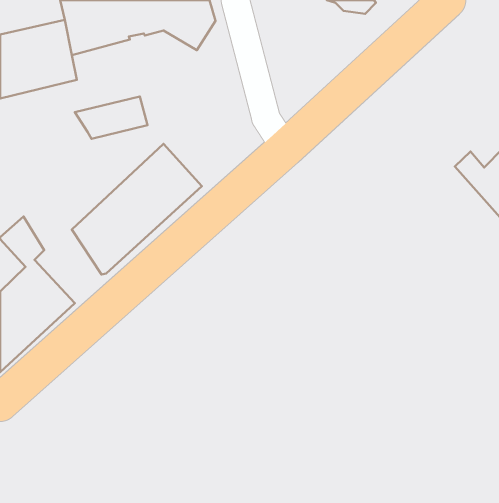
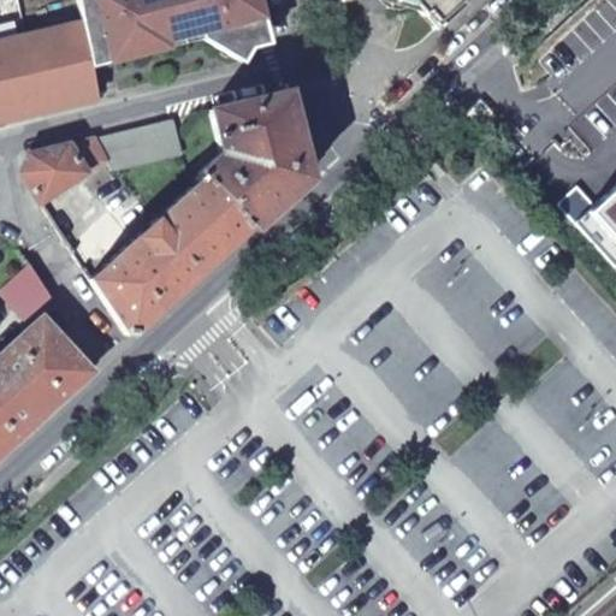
building: none -> [202,91,303,227]
building: none -> [28,137,112,203]

